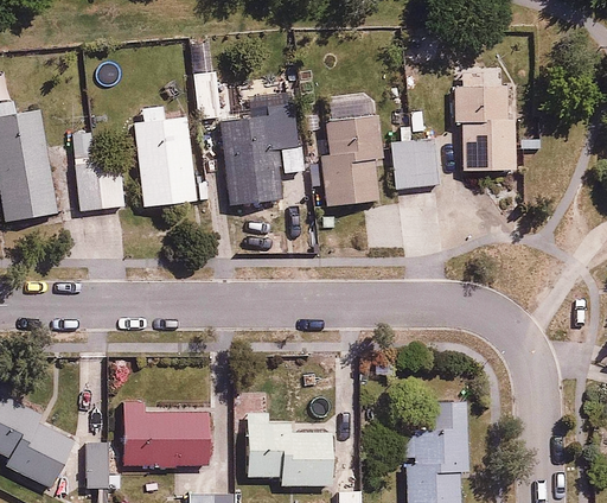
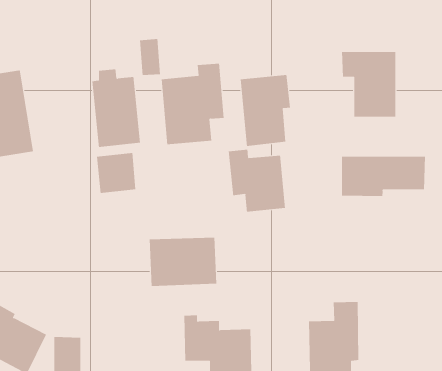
building: [391,138,440,187] -> none
building: [76,160,126,211] -> [96,153,136,193]
building: none -> [228,149,286,213]
building: none -> [341,156,425,197]
building: [126,406,211,467] -> [149,237,217,287]

